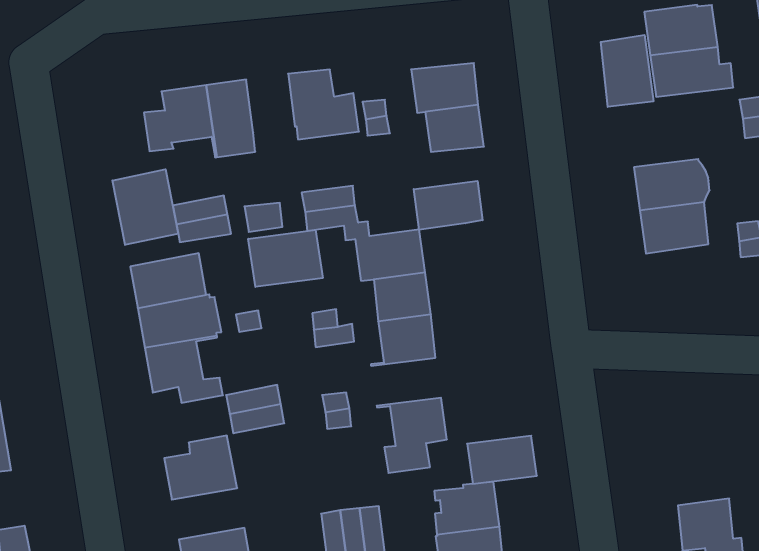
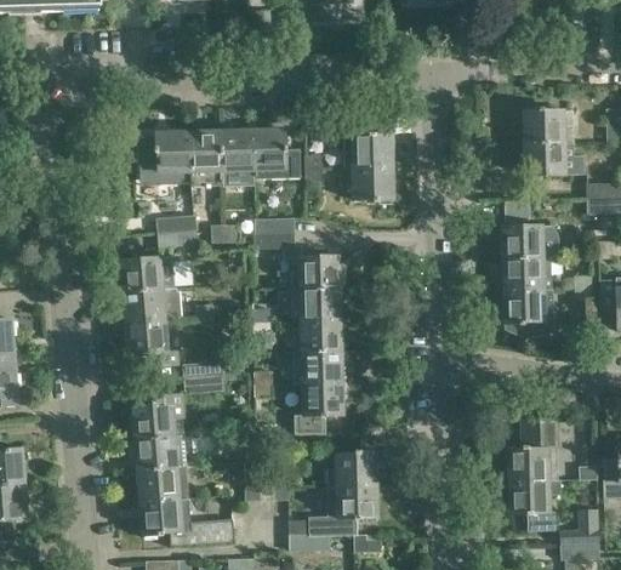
building: [601,35,653,107] -> none
building: none -> [221,130,255,181]
building: [112,169,178,245] -> none
building: [414,181,483,230] -> none
building: [248,230,323,287] -> none
building: none -> [506,289,553,334]
building: none -> [509,418,559,481]
building: [467,436,537,484] -> [292,353,342,384]
building: none -> [133,435,186,469]

